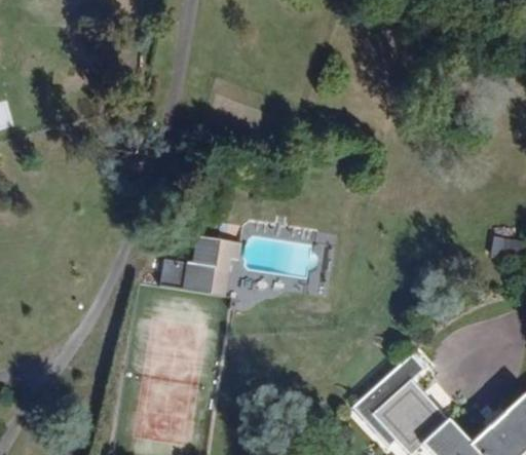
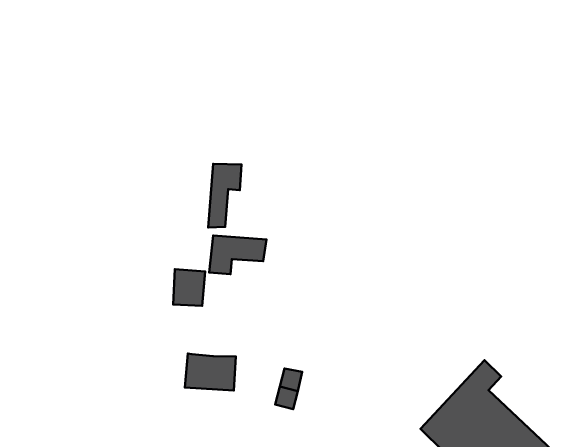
building: none -> [208,164,242,227]
building: [185,262,229,296] -> [185,353,236,391]

